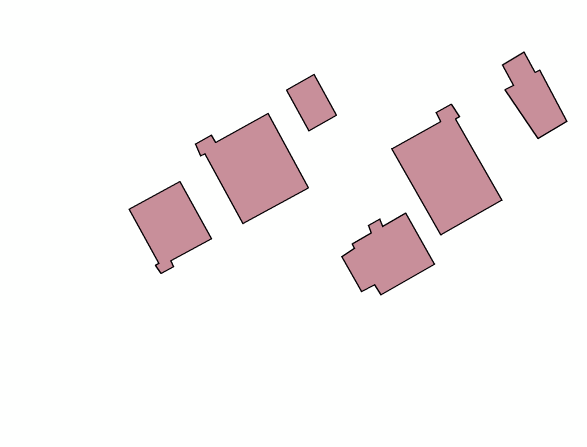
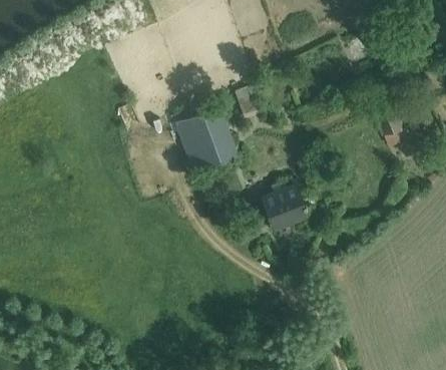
building: [392,104,502,235] -> none
building: [129,182,211,273] -> none

